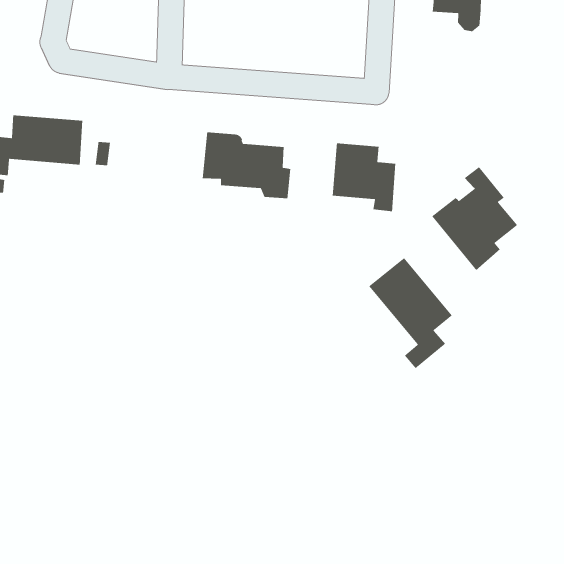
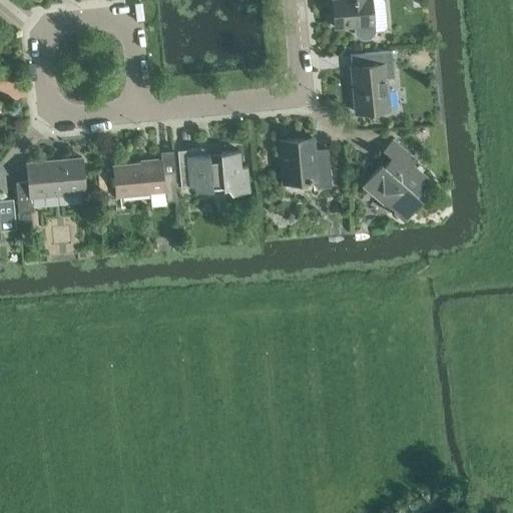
building: none -> [351,52,395,114]
building: none -> [113,163,178,208]
building: [368,257,453,369] -> none

